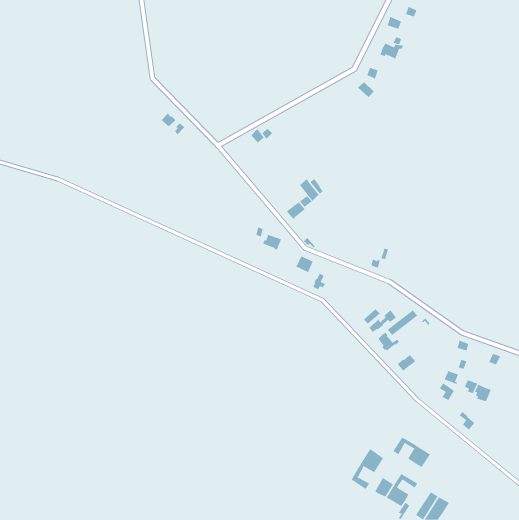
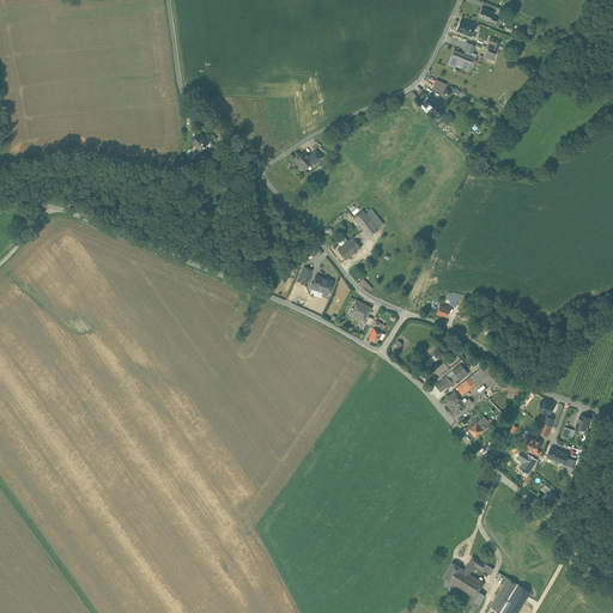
building: [393,437,431,468] -> none
building: [351,448,384,490] -> none

